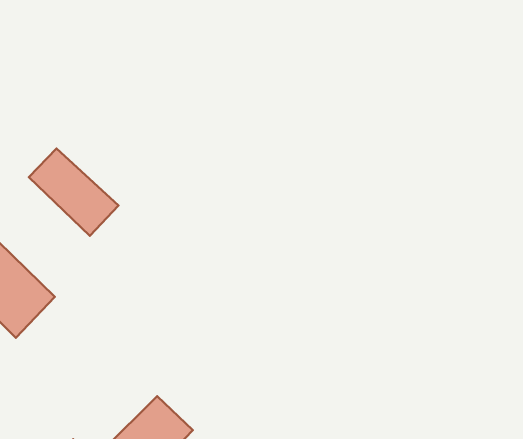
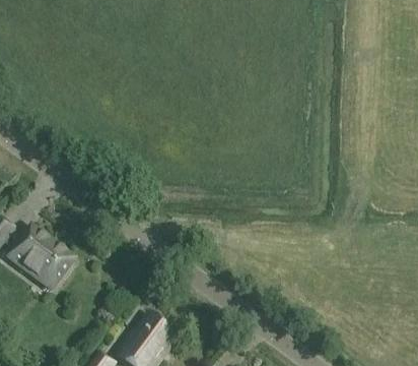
building: [29,148,118,236] -> none

